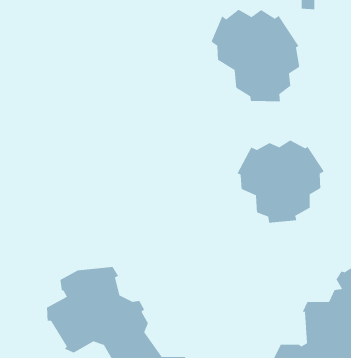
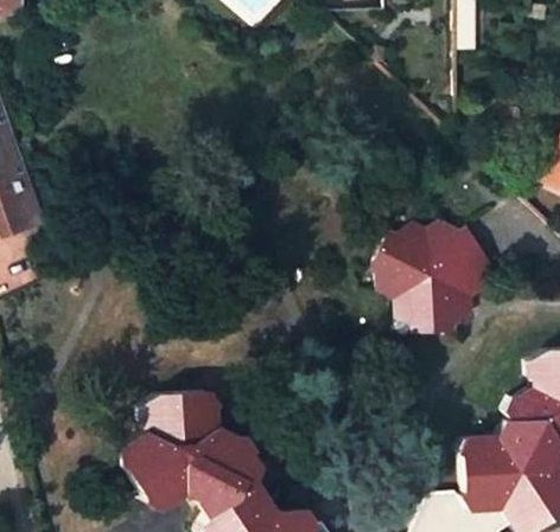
building: [210,9,300,102] -> none

